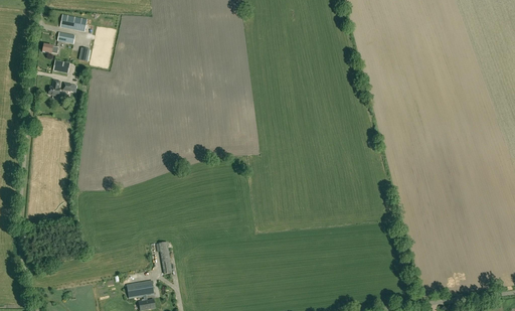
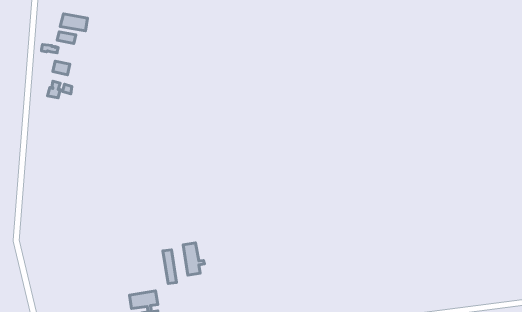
building: none -> [183,243,205,275]

